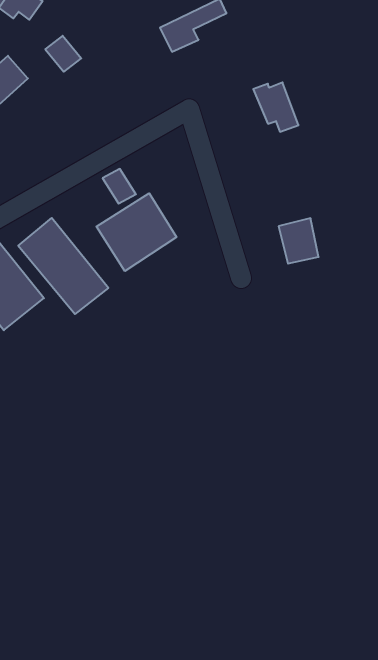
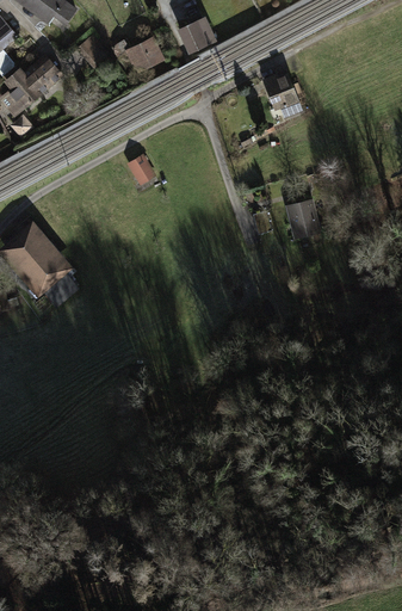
building: none -> [125,35,166,73]
building: [96,193,176,271] -> none
building: [18,218,108,314] -> none

